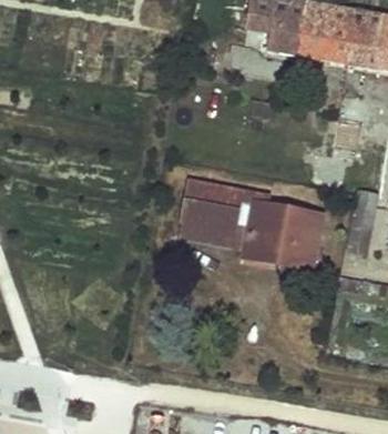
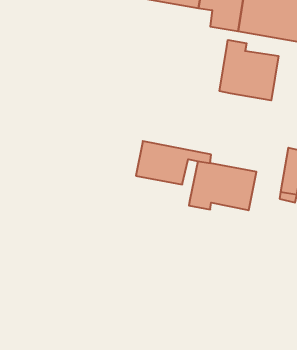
building: none -> [220,40,278,100]
building: [180,201,254,248] -> none

